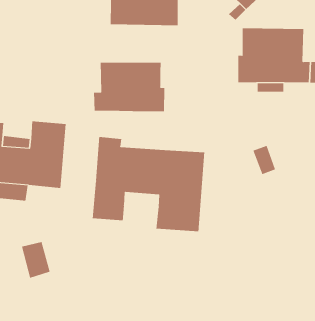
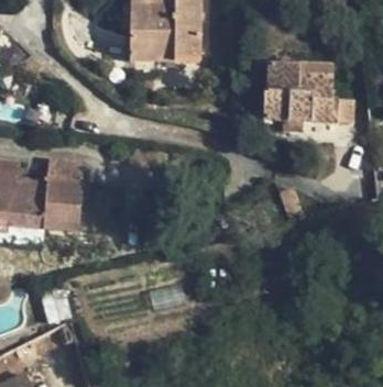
building: [93,62,165,112] -> none
building: [92,136,205,232] -> none

